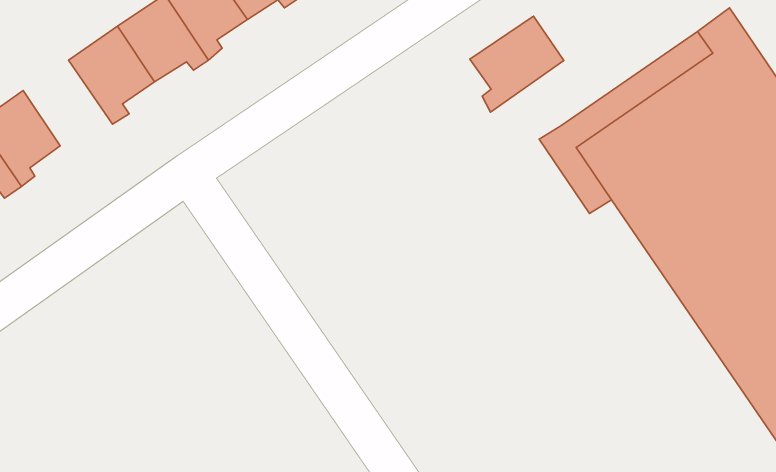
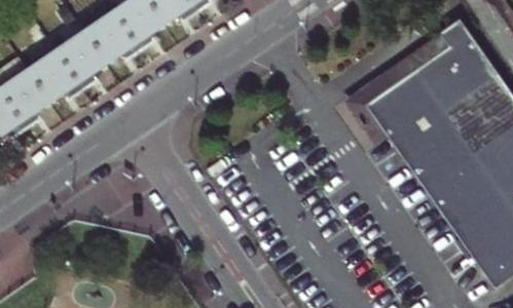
building: [470,16,564,112] -> none
building: none -> [30,48,84,101]

